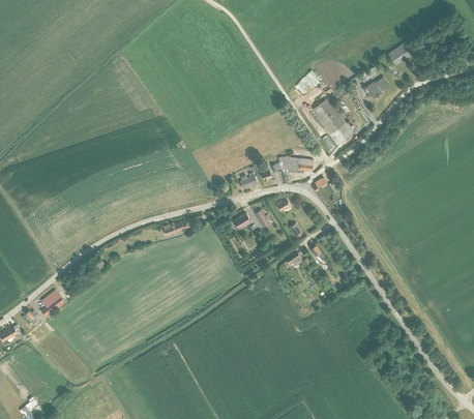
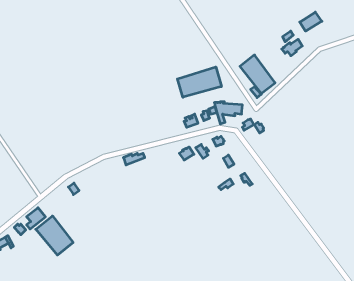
building: none -> [177,67,221,97]
building: none -> [36,216,73,255]

